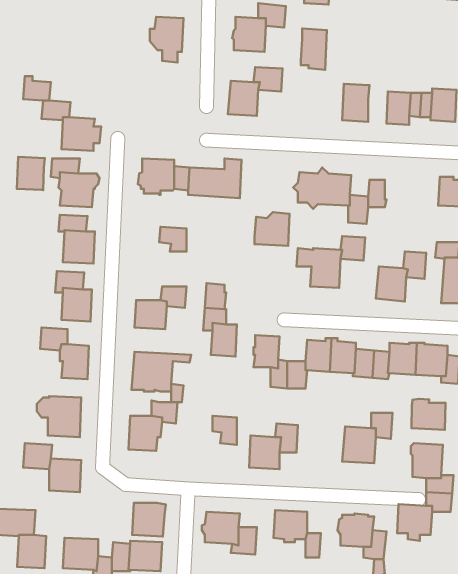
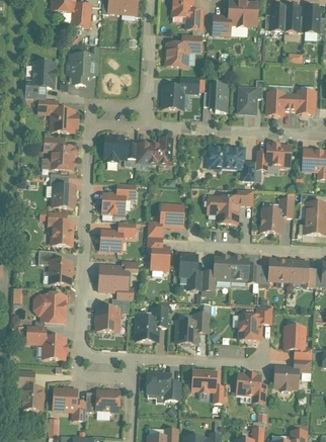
building: [150,17,183,62] -> [67,54,89,84]
building: [301,29,327,70] -> [210,84,227,111]
building: none -> [32,62,54,86]
building: [17,157,45,190] -> none
building: none -> [266,143,290,166]
building: [255,212,290,246] -> [160,204,183,227]
building: none -> [102,192,125,212]
building: [412,399,446,430] -> none
building: [132,503,166,536] -> [136,318,158,340]

